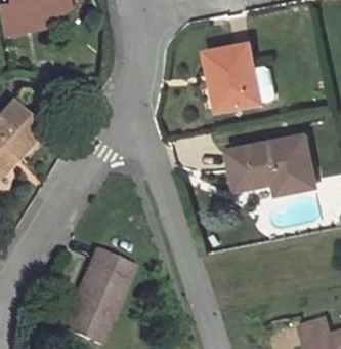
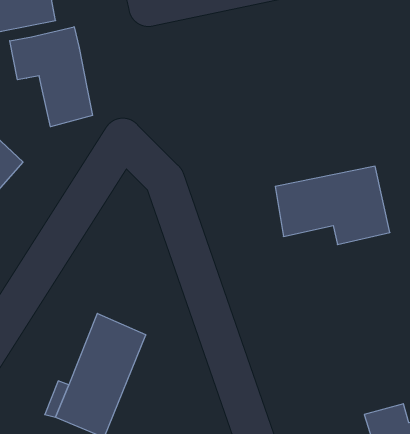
building: none -> [10,27,92,127]
building: [207,41,280,110] -> none

